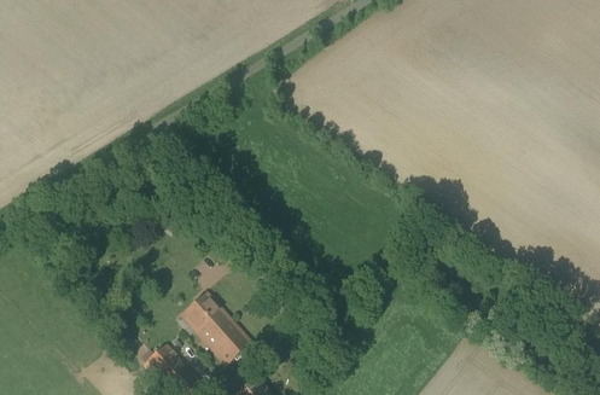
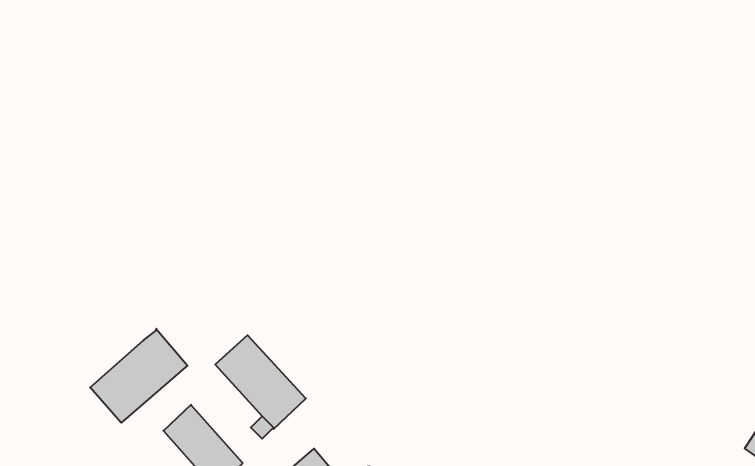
building: none -> [90,329,187,423]

